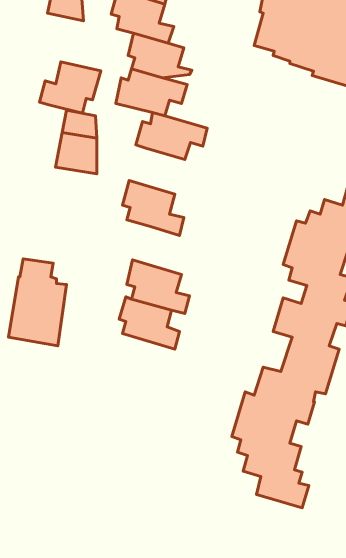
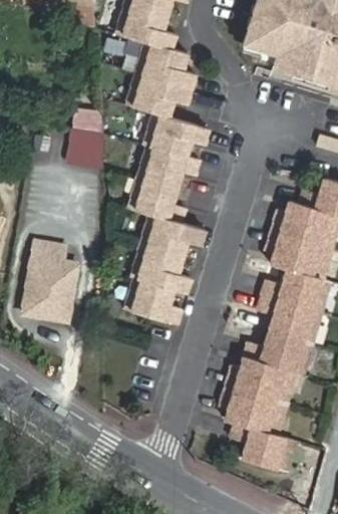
building: [39,62,101,113] -> none
building: none -> [133,144,196,185]
building: none -> [136,214,201,257]

